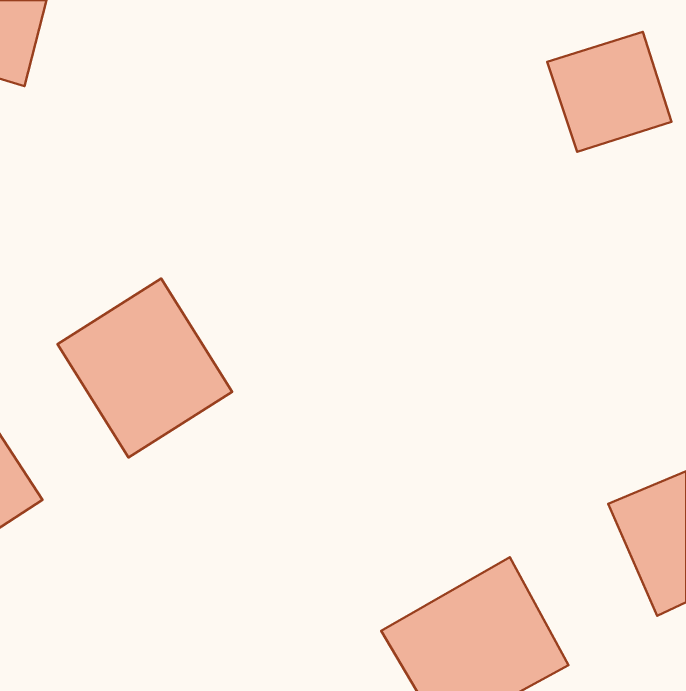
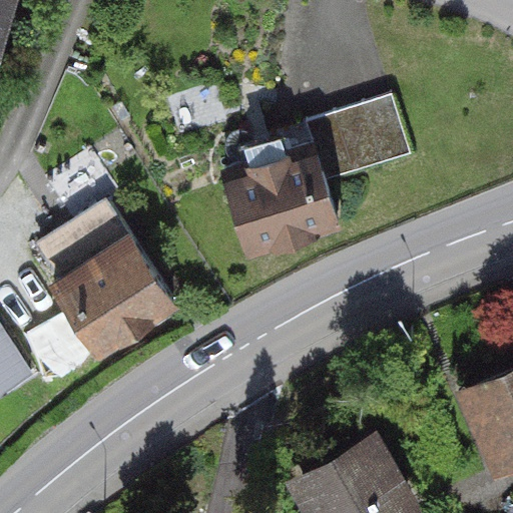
building: [547,32,672,152] -> [314,99,405,187]
building: none -> [216,158,333,267]

